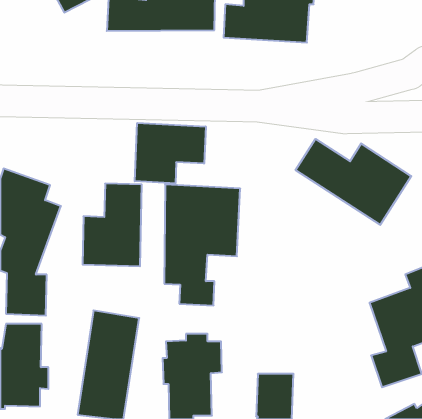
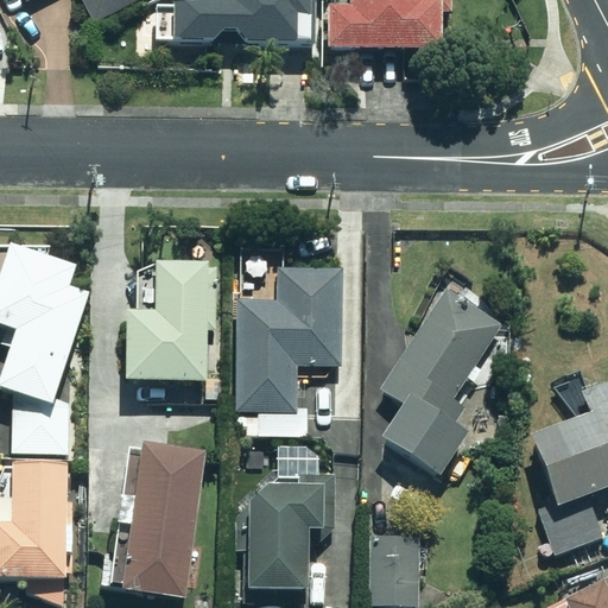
building: [135,123,206,183] -> none
building: [296,139,411,225] -> none
building: none -> [375,286,506,474]

